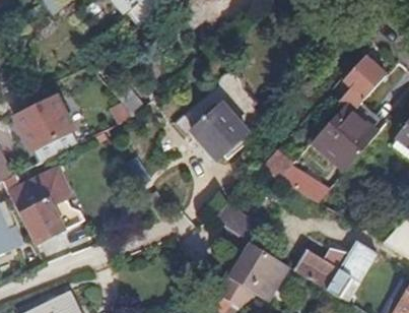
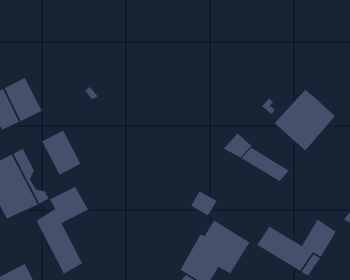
building: [338,59,386,113] -> none
building: [175,72,256,160] -> none
building: none -> [41,129,82,176]
building: none -> [35,186,89,275]

